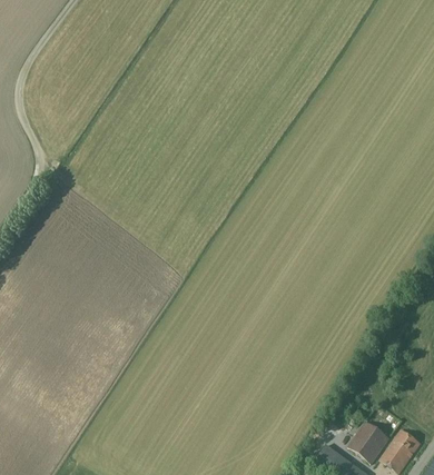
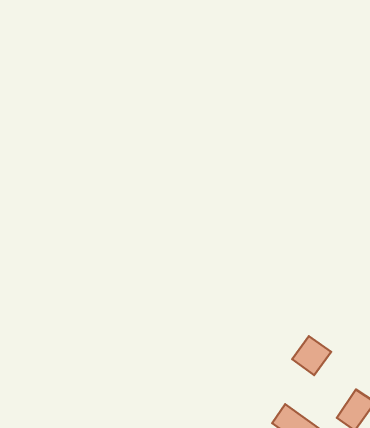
building: [348,420,389,462] -> [292,336,331,375]

